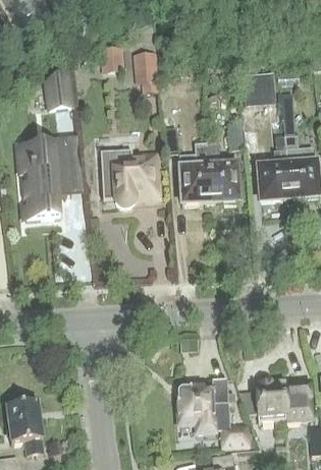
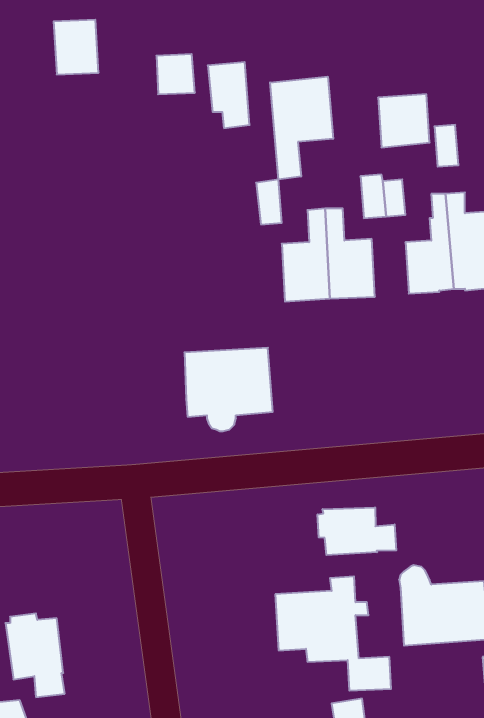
building: none -> [270,77,333,179]
building: [49,68,77,103] -> [54,20,99,74]
building: [18,136,69,219] -> none
building: [101,154,157,207] -> [184,348,273,431]
building: none -> [318,507,396,555]

